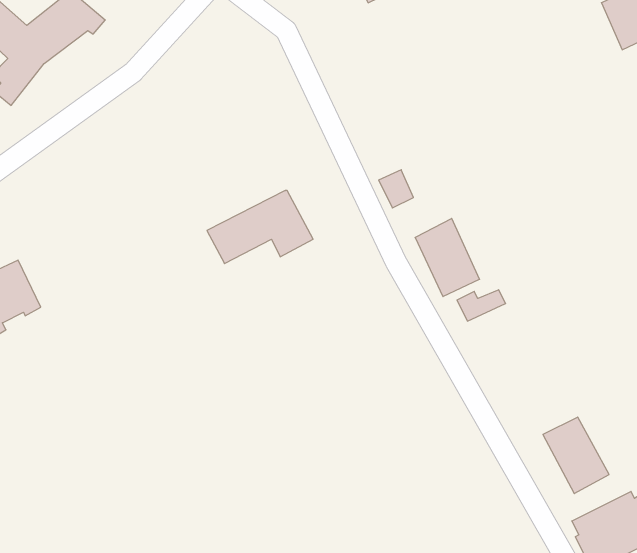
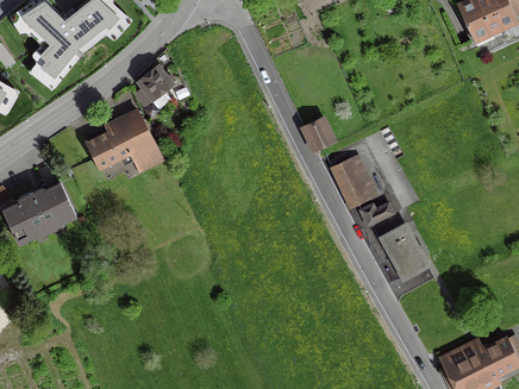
building: none -> [138,67,174,106]
building: [207,191,313,264] -> [86,118,158,168]
building: [543,417,609,494] -> [381,226,426,278]

